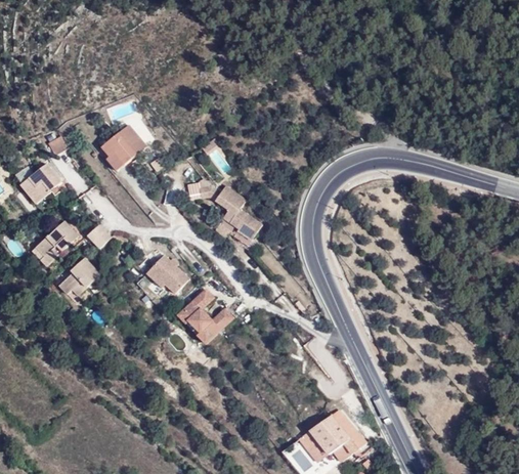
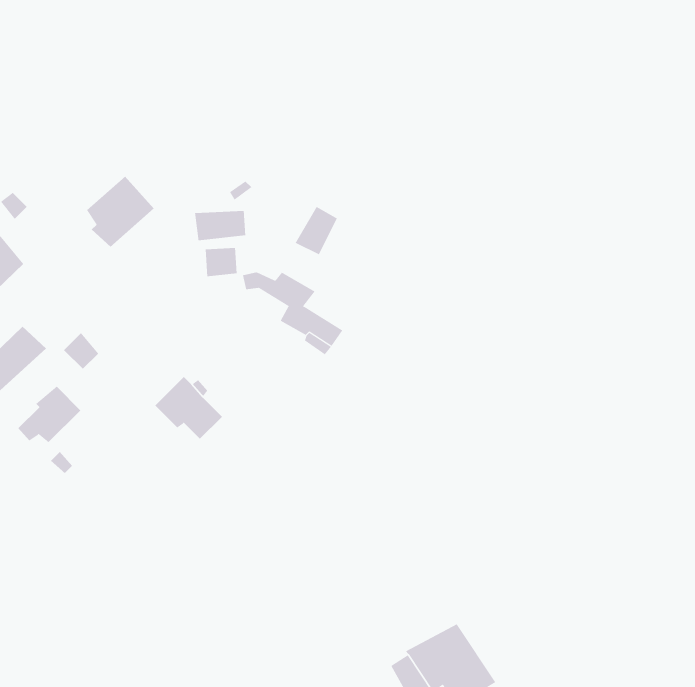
building: none -> [295,206,337,255]
building: none -> [194,210,246,241]
building: [177,290,230,344] -> none

